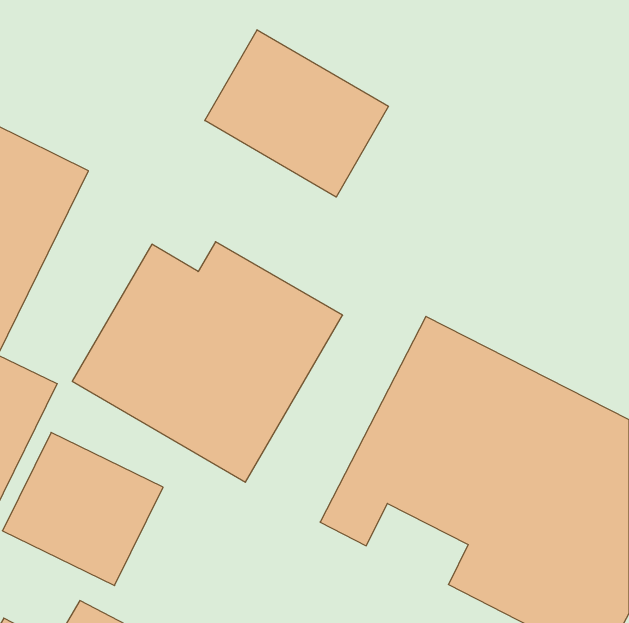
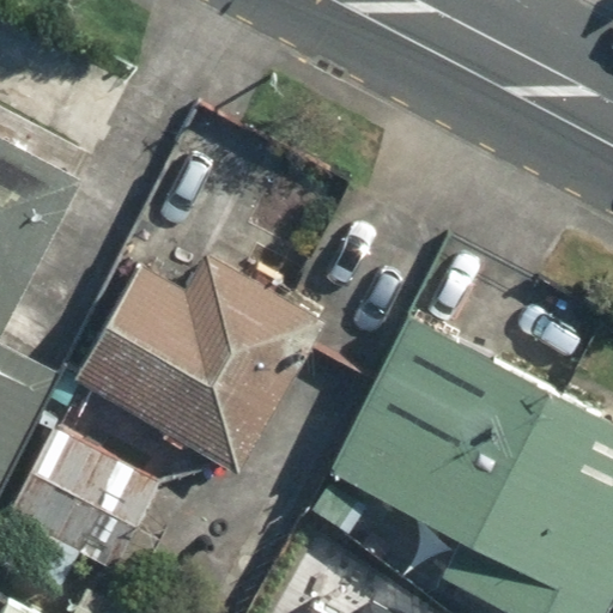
building: [205,30,388,197] -> none

